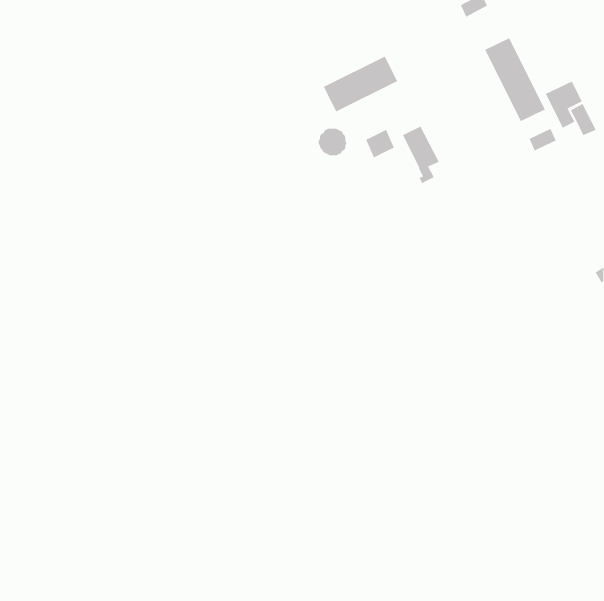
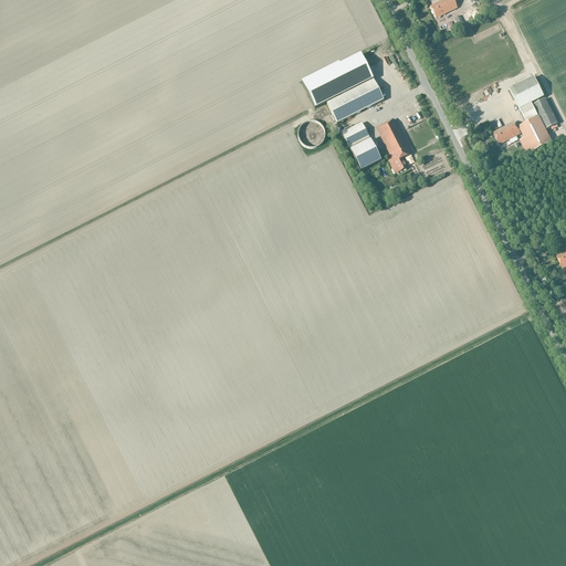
building: [484,37,546,122] -> none
building: none -> [327,78,384,122]
building: none -> [518,115,552,153]
building: none -> [349,138,380,169]

